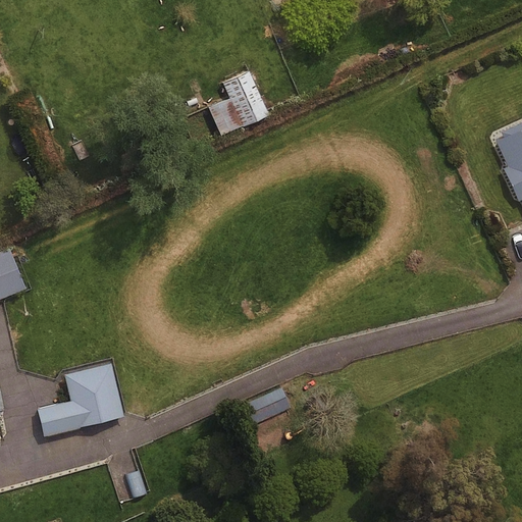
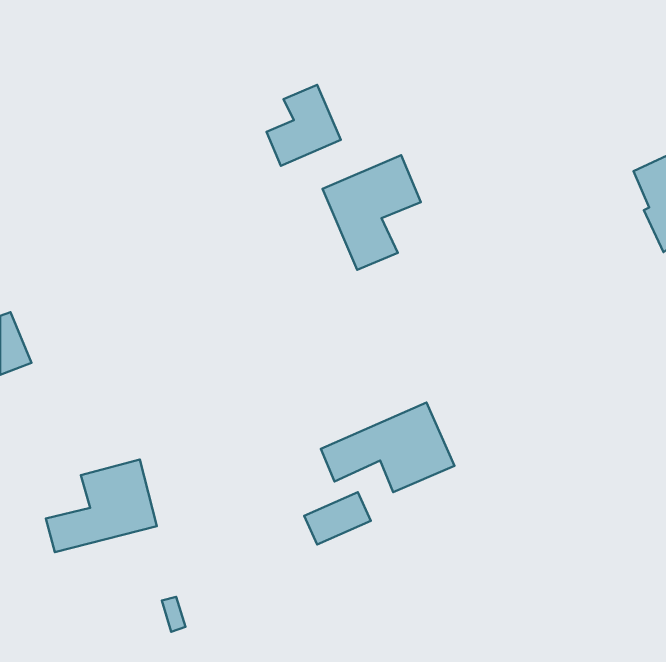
building: none -> [323,155,421,270]
building: none -> [321,402,454,492]

